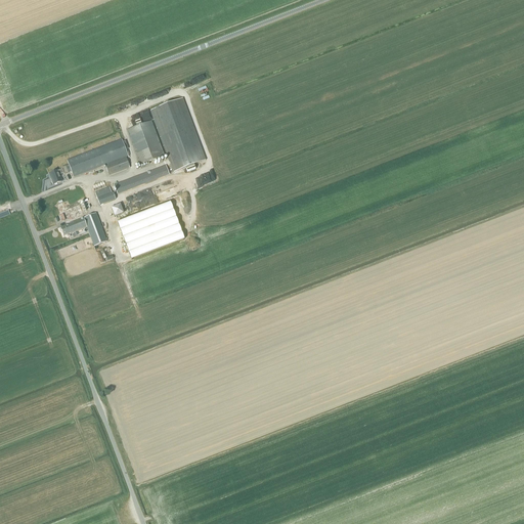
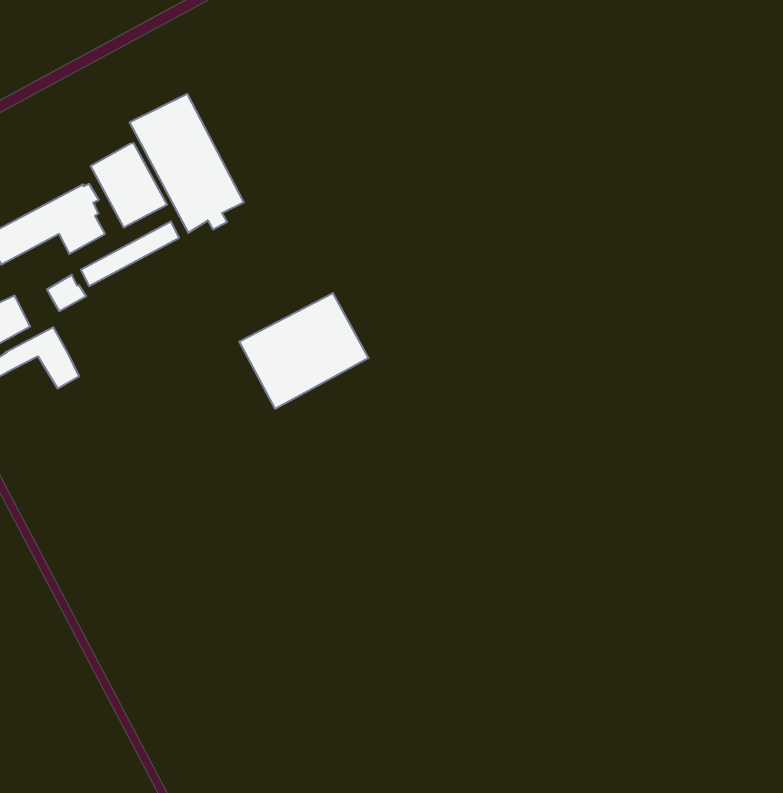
building: [117,201,184,258] -> [239,293,369,409]

